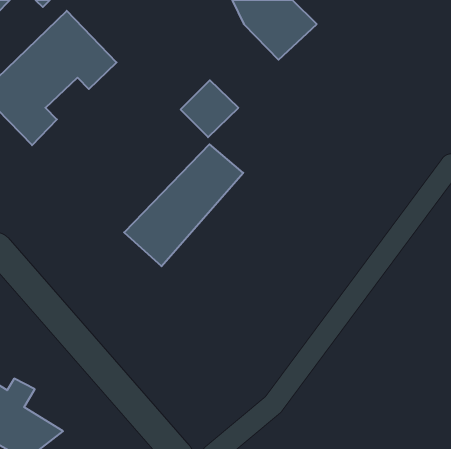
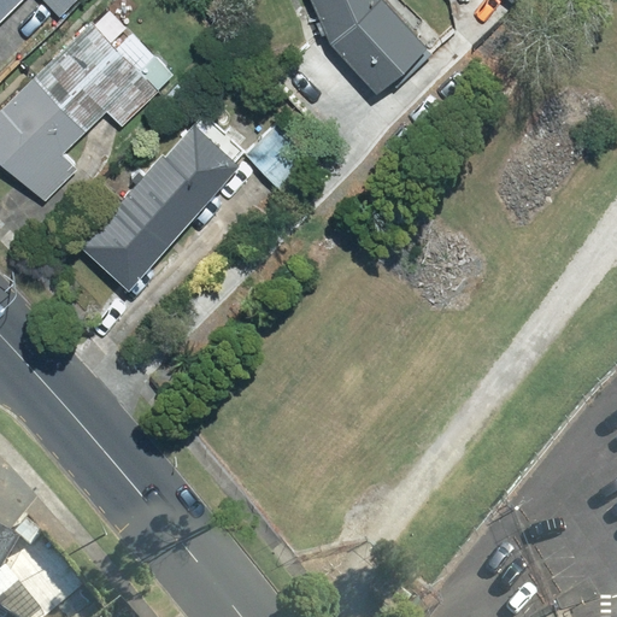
building: [124,144,243,266] -> [78,124,240,289]

